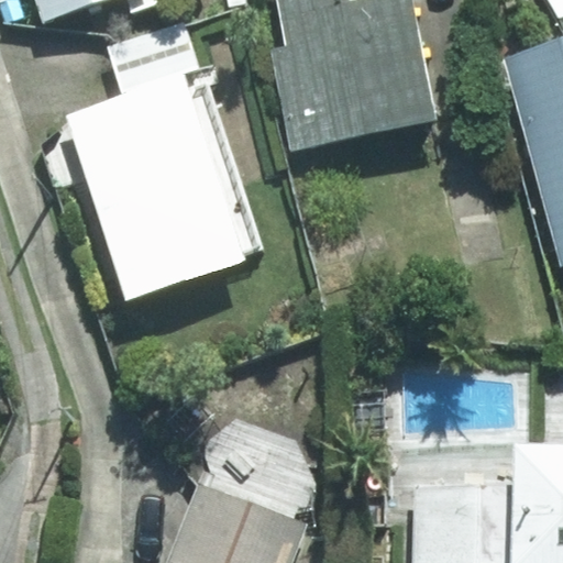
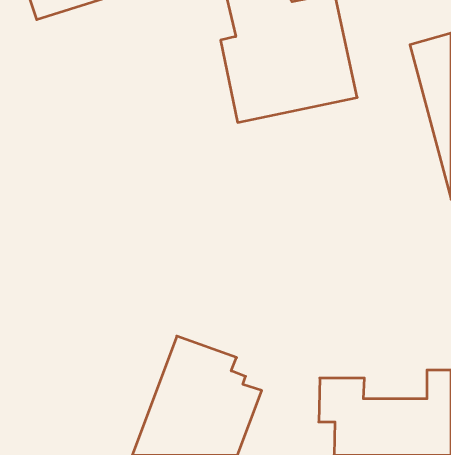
building: [67,77,246,300] -> none

